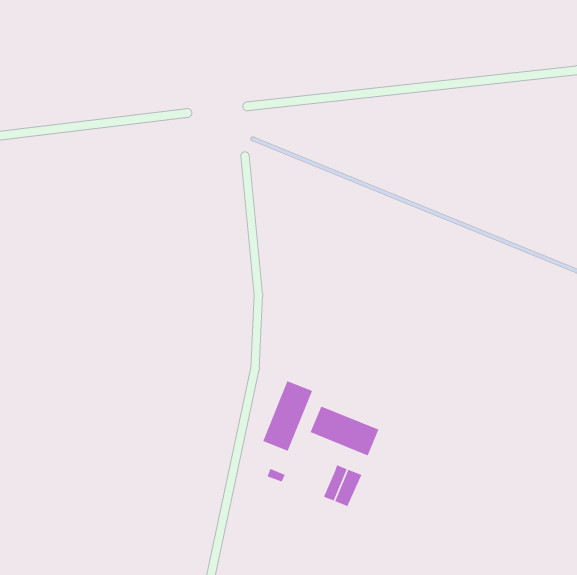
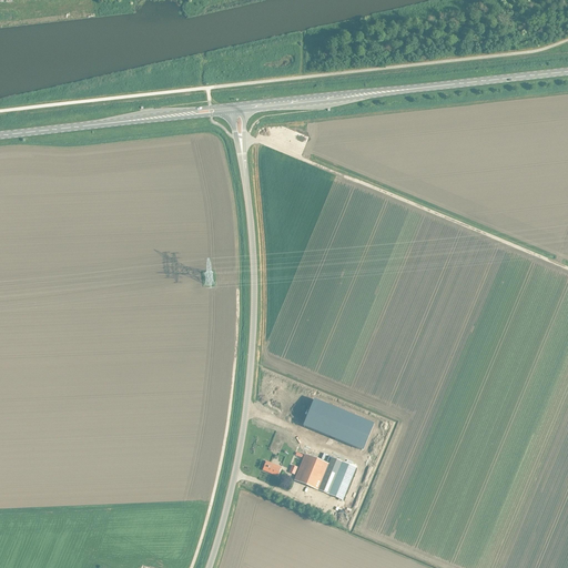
building: [262,380,313,452] -> none
building: none -> [294,453,328,488]

